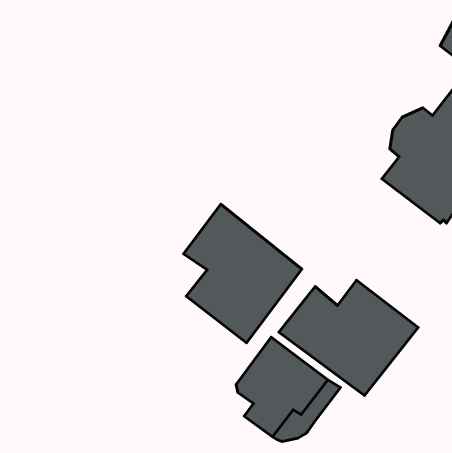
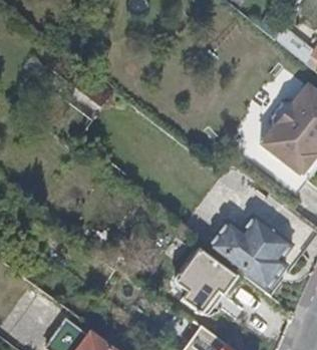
building: [183,204,302,343] -> none

